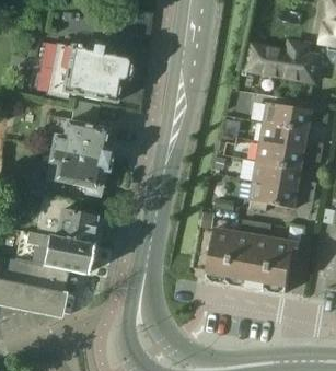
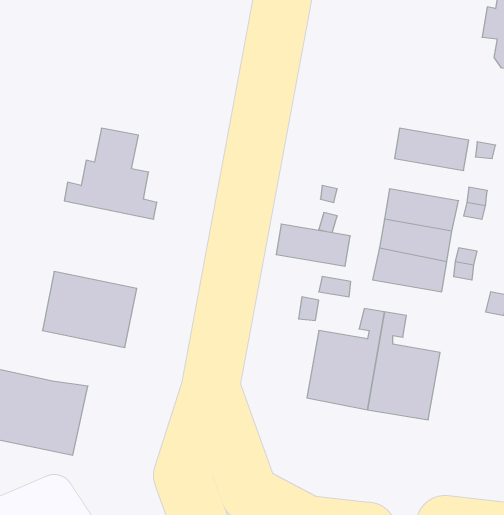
building: [248,42,318,81] -> none
building: [46,43,131,103] -> none
building: [260,121,309,149] -> [276,224,350,266]
building: [46,149,107,189] -> none
building: [25,232,90,274] -> none

